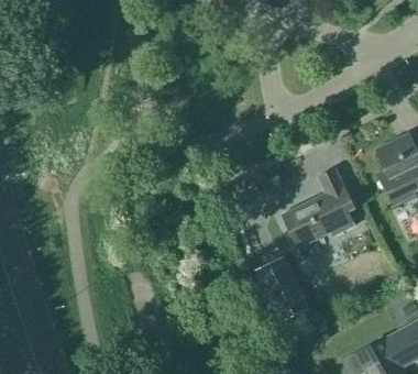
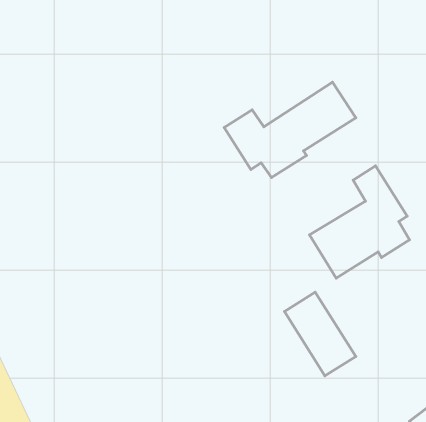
building: none -> [224,82,356,178]

